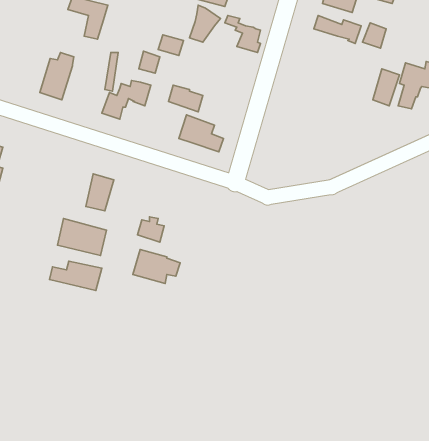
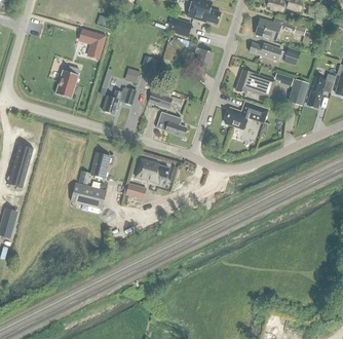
building: none -> [235,69,274,97]
building: none -> [224,100,268,128]
building: [133,249,180,283] -> [135,158,167,182]
building: [50,261,102,291] -> none

